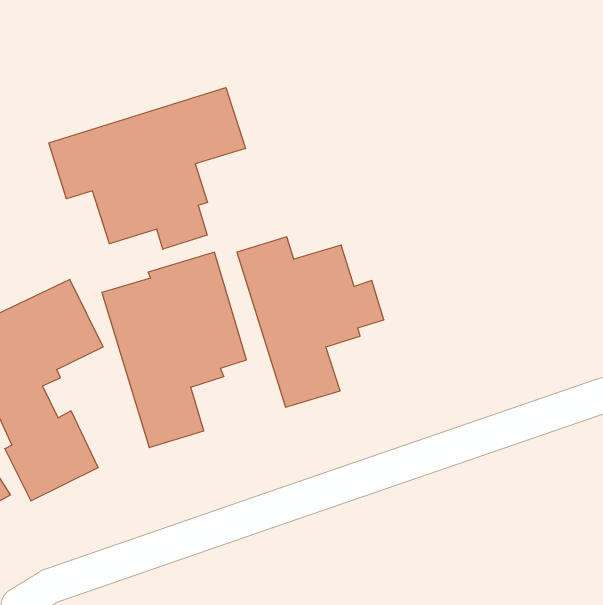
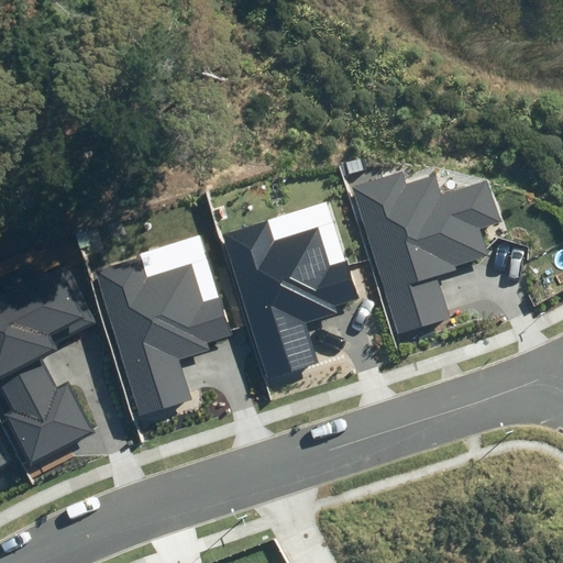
building: [49,88,245,249] -> none
building: none -> [352,172,499,333]

